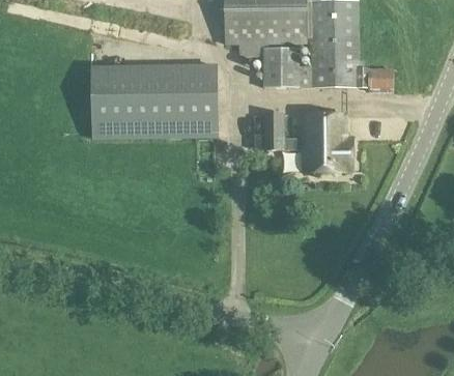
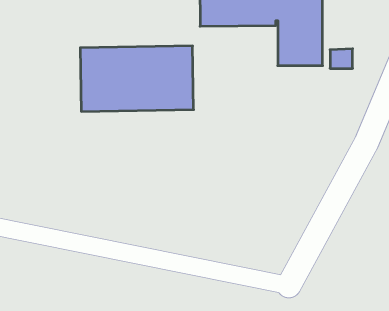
building: [262,50,299,86] -> none
building: [263,112,352,171] -> none

